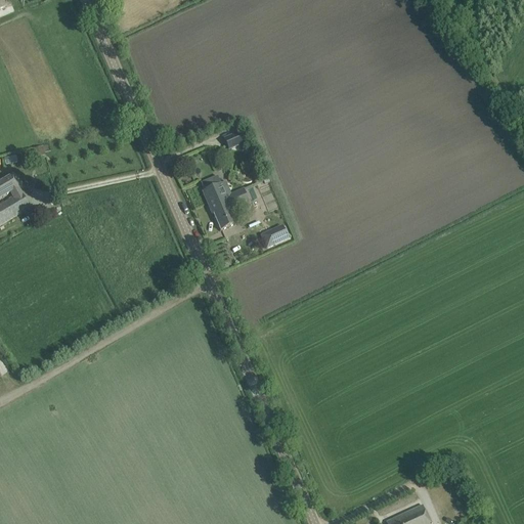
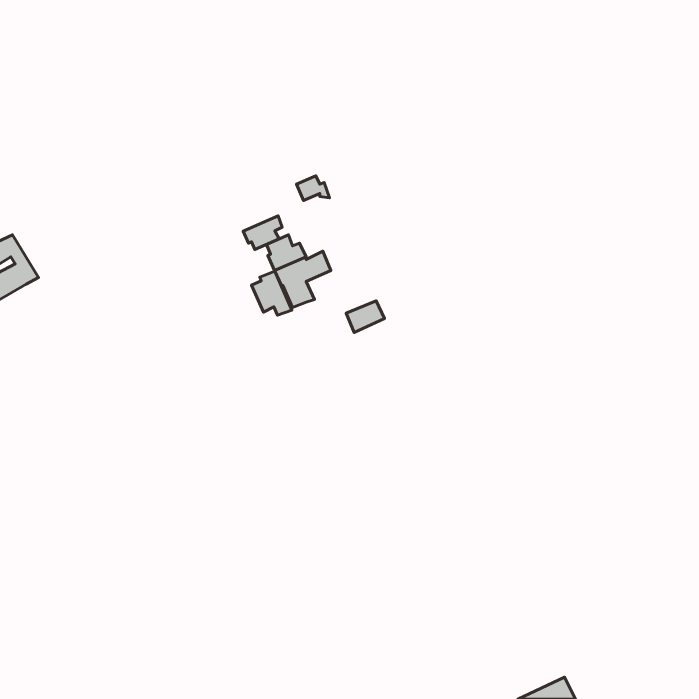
building: none -> [243,216,282,249]
building: none -> [252,271,292,315]

